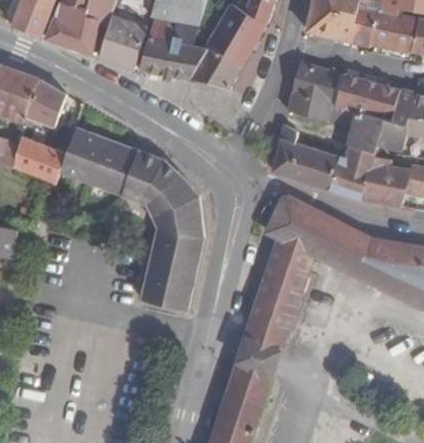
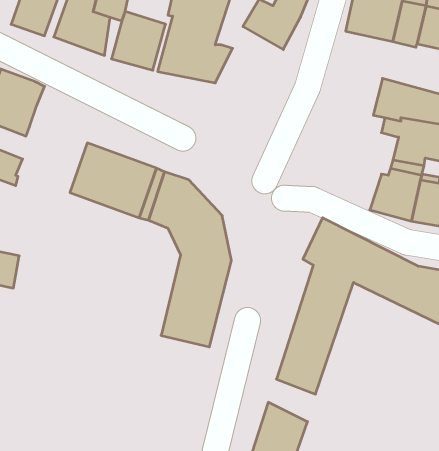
building: [191,27,251,87] -> none
building: [286,63,341,124] -> none
building: [27,80,67,127] -> none
building: [271,125,338,189] -> none
building: [15,140,66,182] -> none
building: [238,339,280,377] -> none

